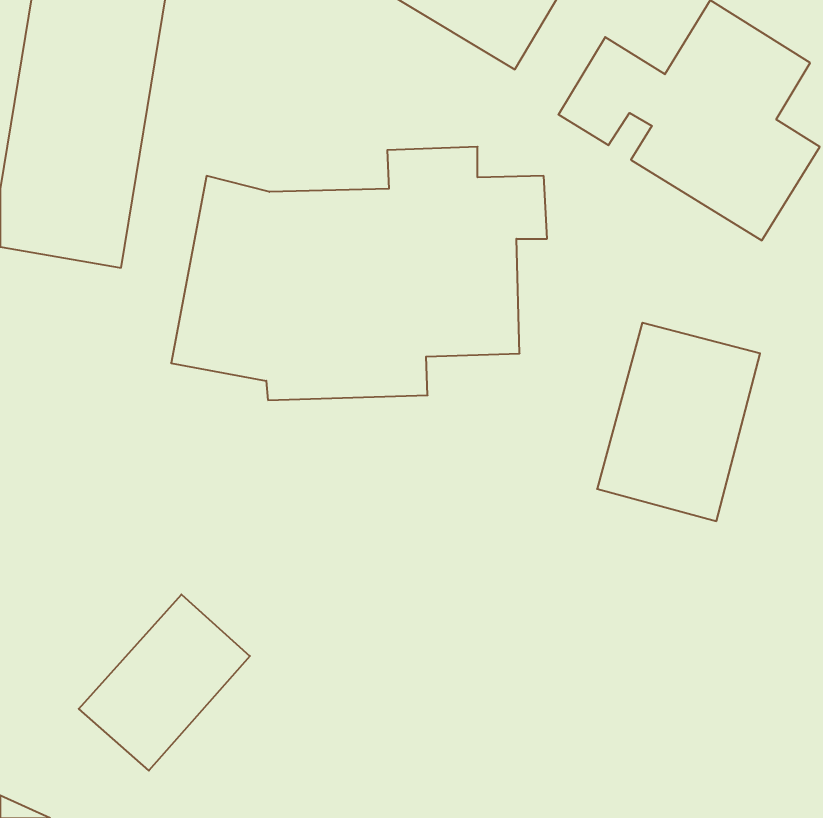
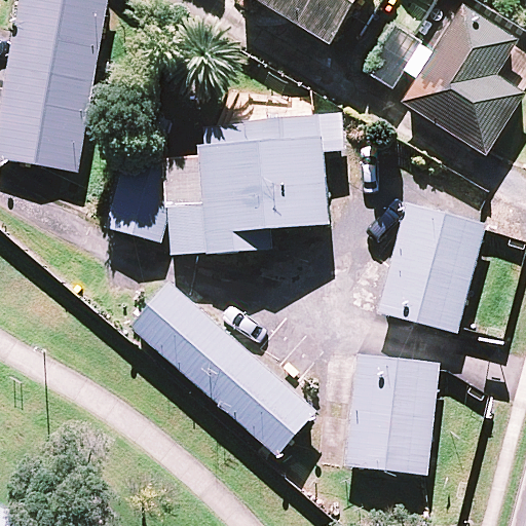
building: none -> [128,281,314,454]
building: none -> [347,359,439,474]
building: [79,594,250,771] -> none

